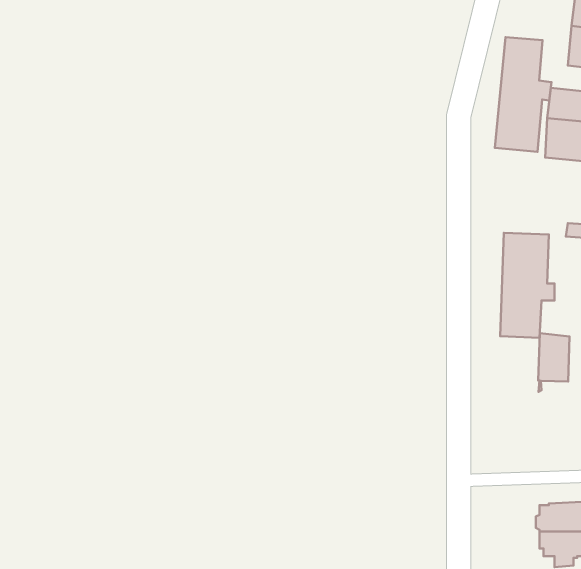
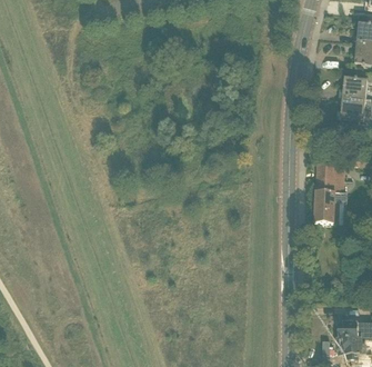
building: [495,37,552,152] -> none
building: [538,333,570,392] -> none

